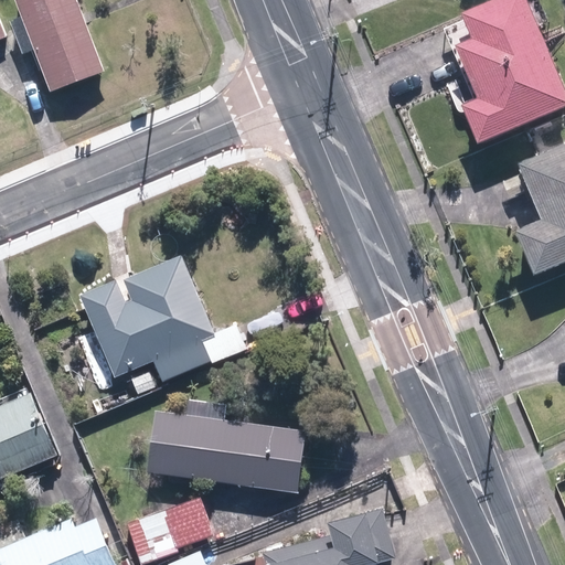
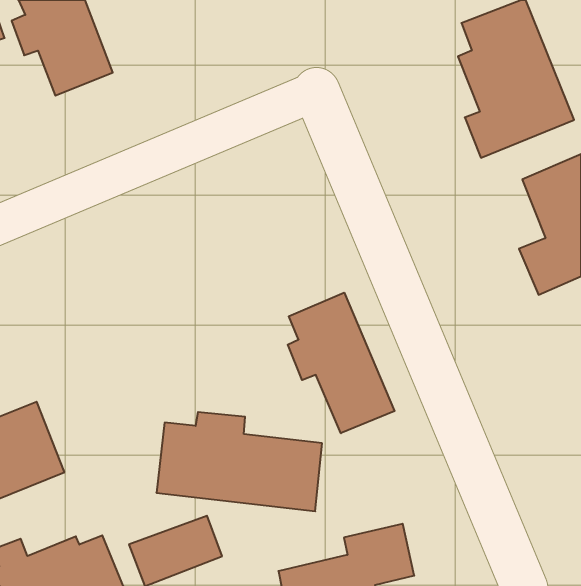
building: [73,252,248,398] -> none
building: none -> [288,293,395,433]

